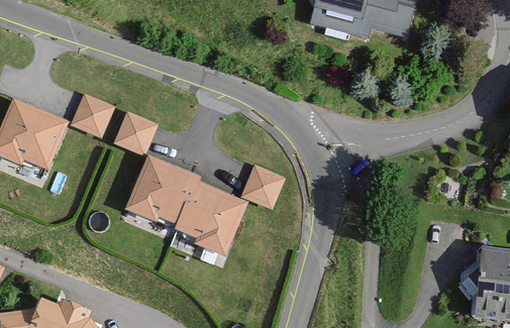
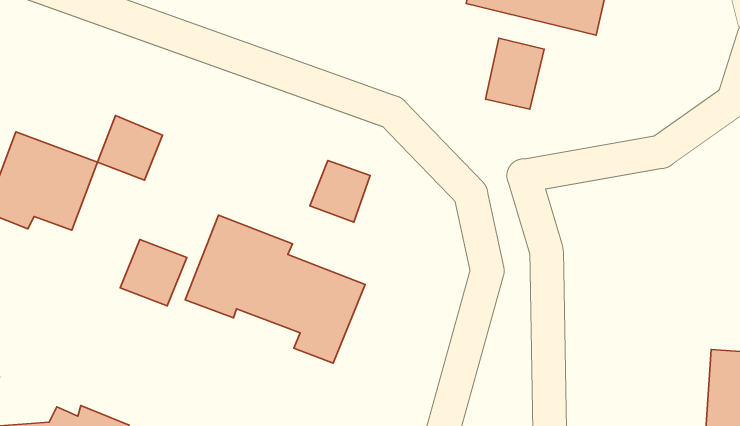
building: none -> [485,38,544,109]
building: [112,114,157,158] -> [120,239,187,306]
building: [239,167,280,208] -> [310,160,370,222]

